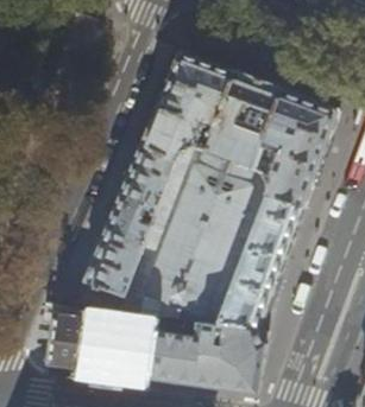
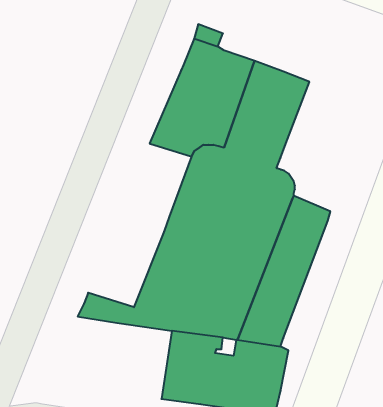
building: [256,94,339,211] -> none
building: [84,150,178,298] -> none
building: [50,304,161,381] -> none

